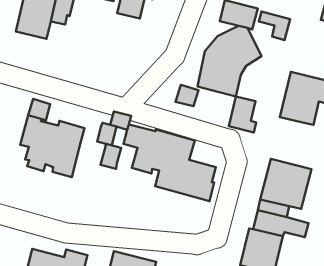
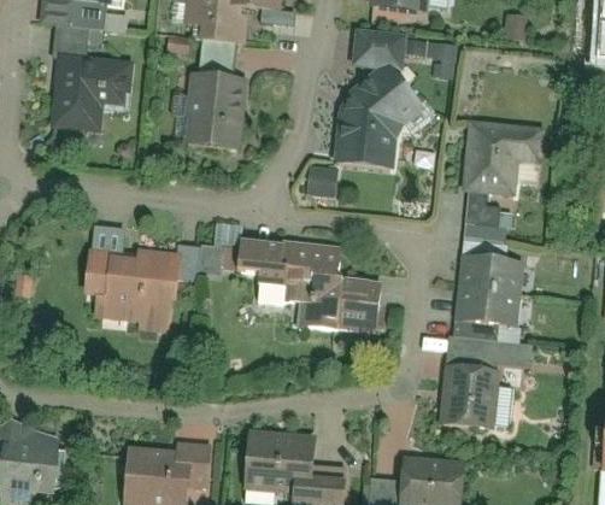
building: none -> [184,78,246,147]
building: [229,97,256,133] -> [465,193,505,242]
building: [100,144,121,169] -> [175,245,201,280]

